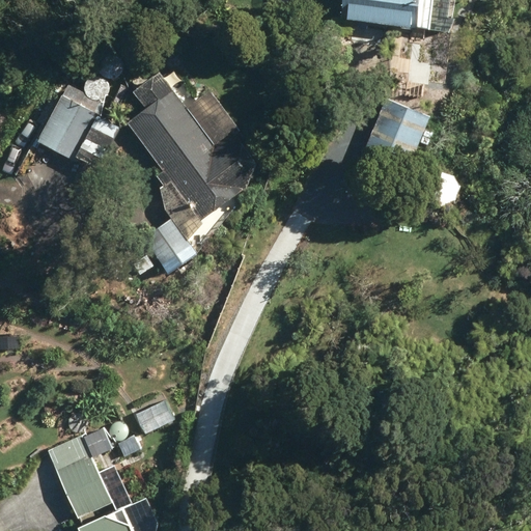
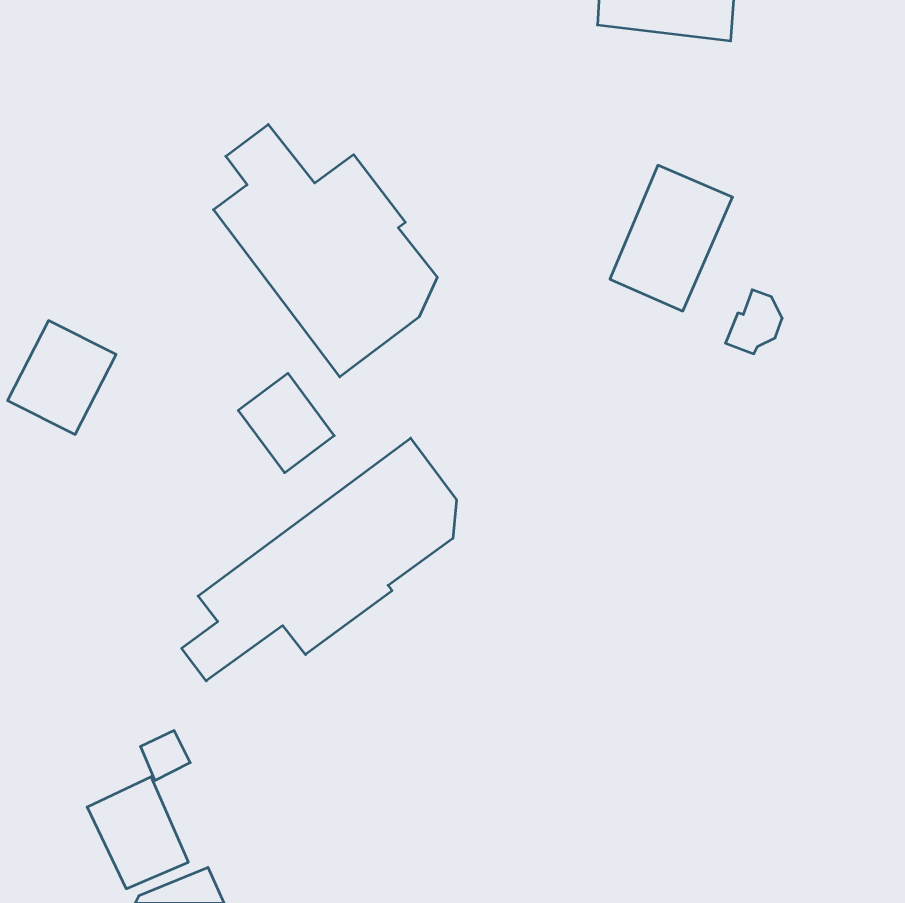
building: [37,94,101,161] -> [8,321,116,434]
building: none -> [182,438,456,681]

